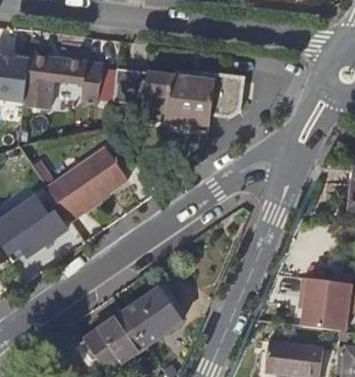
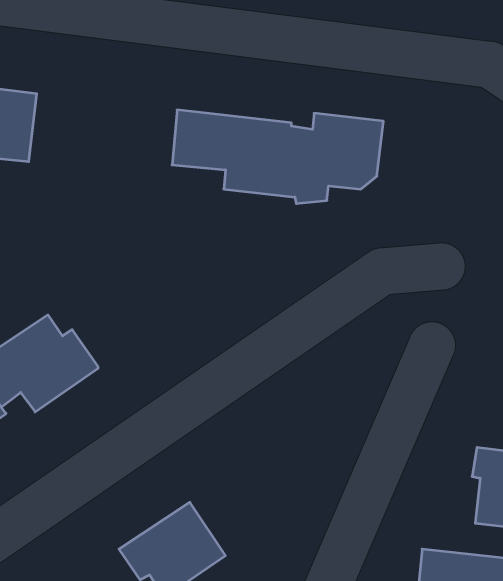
building: [24,54,103,104] -> none
building: [47,147,128,219] -> none
building: [124,288,181,345] -> none

